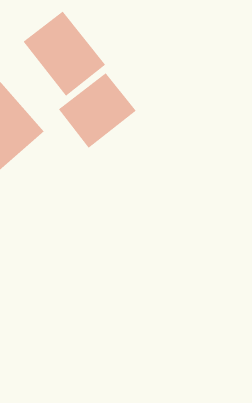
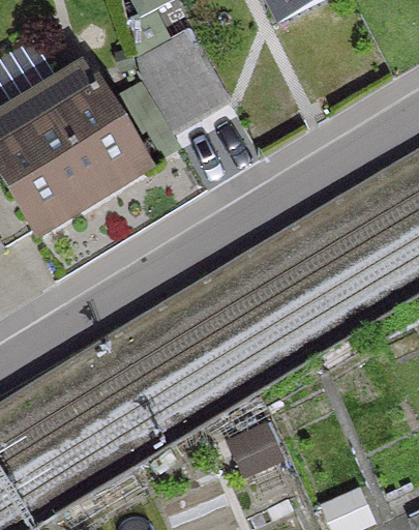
building: [58,72,137,149] -> none

